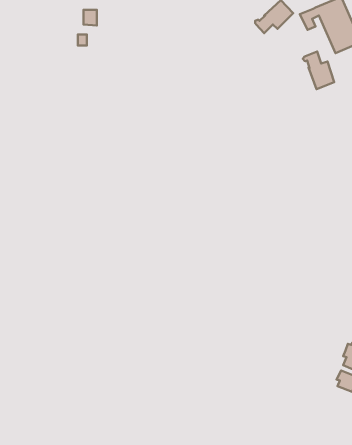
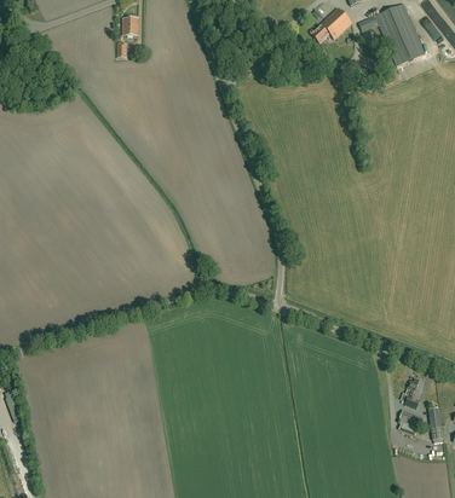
building: [303,51,334,89] -> none

